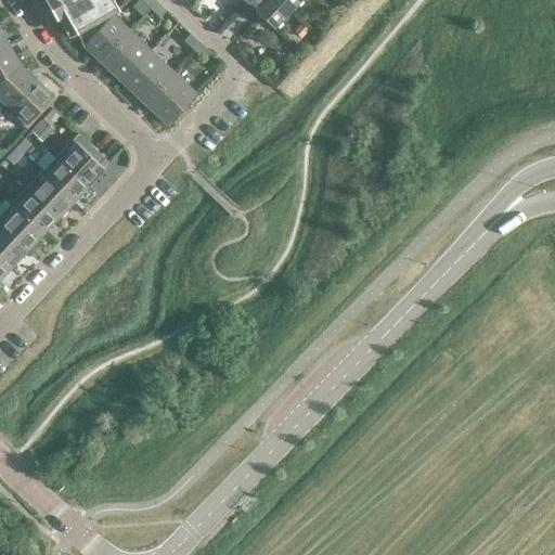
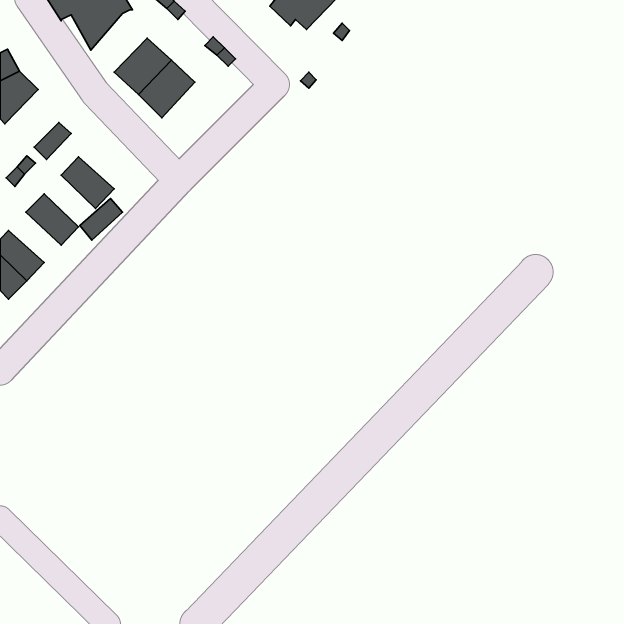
building: [82,12,132,64] -> none
building: [145,73,195,124] -> none
building: [7,79,53,126] -> none
building: [41,155,87,201] -> none
building: [10,188,56,232] -> none

